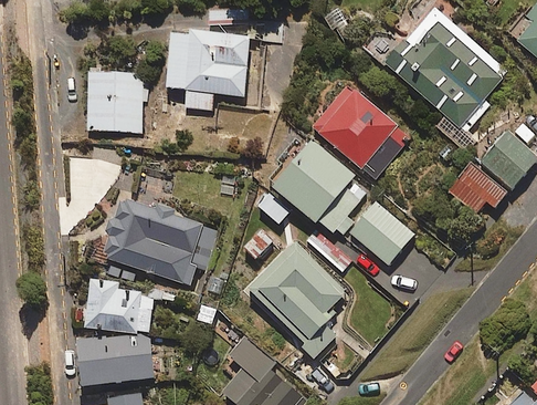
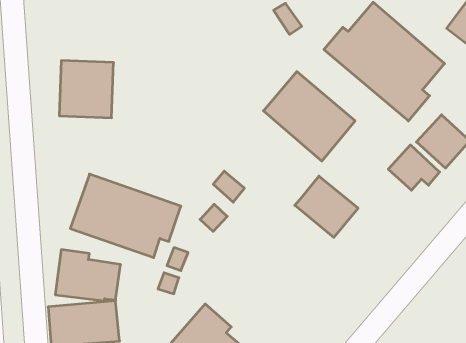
building: [165,29,250,110] -> none
building: [268,137,368,240] -> none
building: [249,242,350,354] -> none

